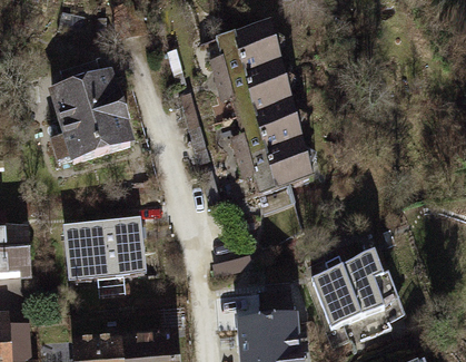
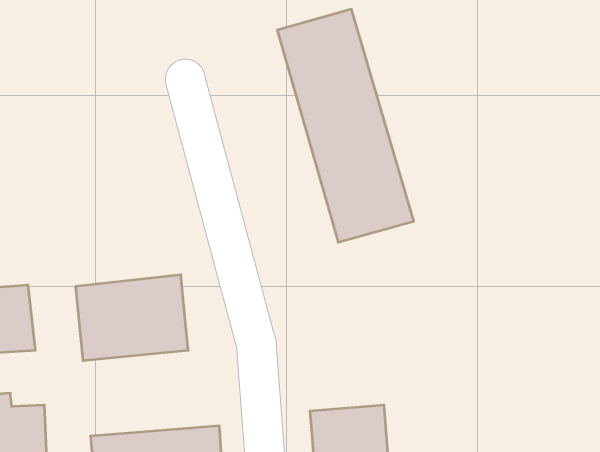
building: [49,74,143,168] -> none
building: [321,254,413,344] -> none

